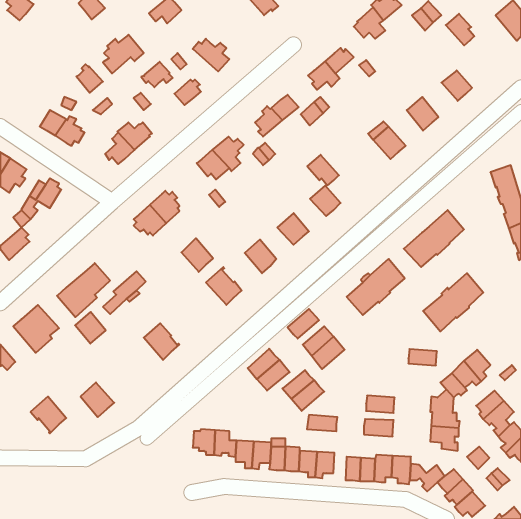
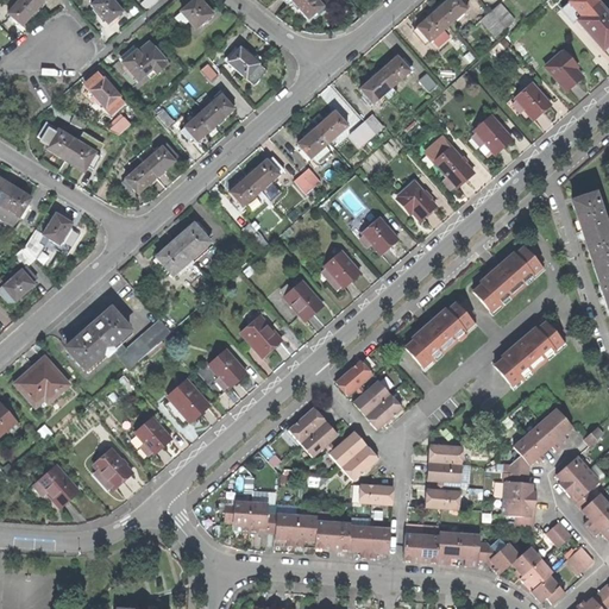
building: [446,14,474,45] -> [545,51,578,88]
building: [141,62,173,87] -> [182,109,219,139]
building: [307,155,339,185] -> [398,180,435,215]
building: [181,238,213,272] -> [209,346,246,385]
building: [75,312,106,344] -> [136,414,171,451]
building: [408,349,437,365] -> [428,445,462,464]

